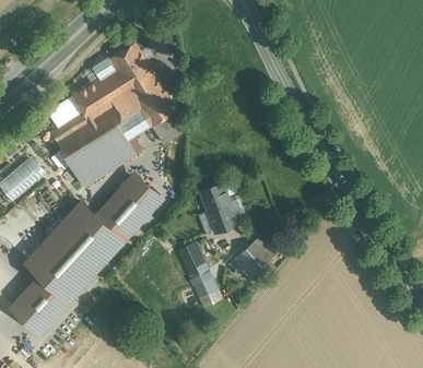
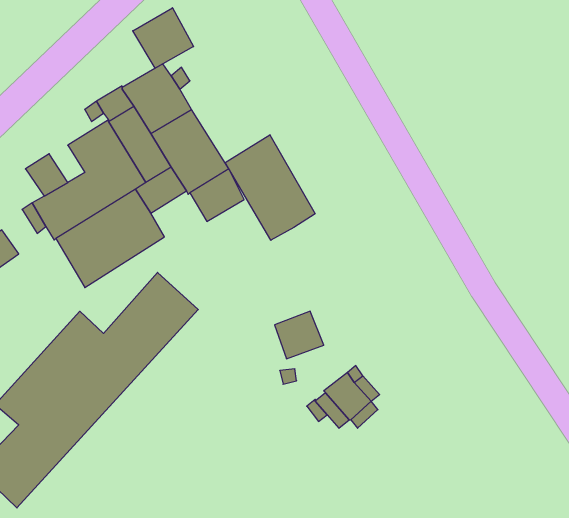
building: none -> [133,8,194,68]
building: none -> [225,135,315,240]
building: [199,183,230,212] -> none
building: [177,242,221,308] -> none

